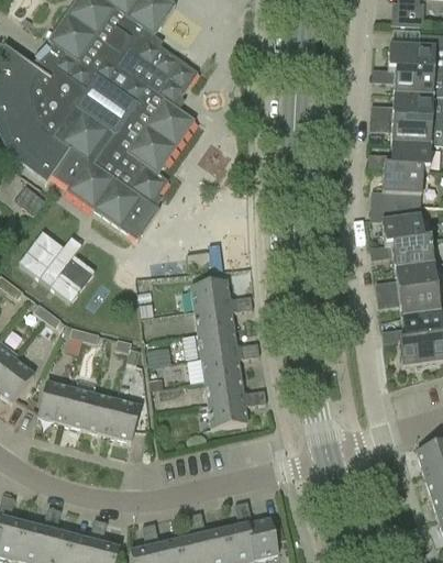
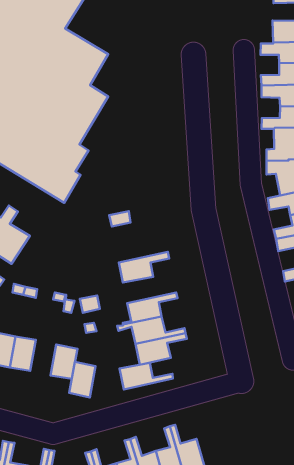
building: [190,280,252,310] -> none
building: [198,329,258,357] -> [120,363,173,389]
building: [85,393,117,434] -> [69,362,95,397]

